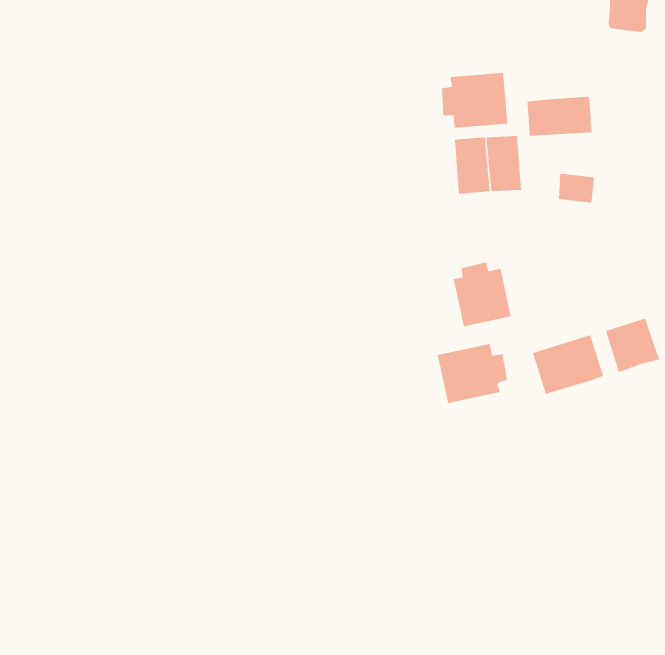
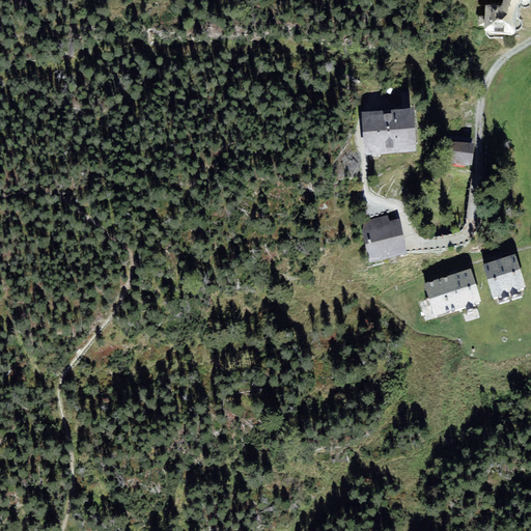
building: [441,72,508,129] -> none
building: [527,96,592,136] -> none
building: [437,343,508,404] -> none

